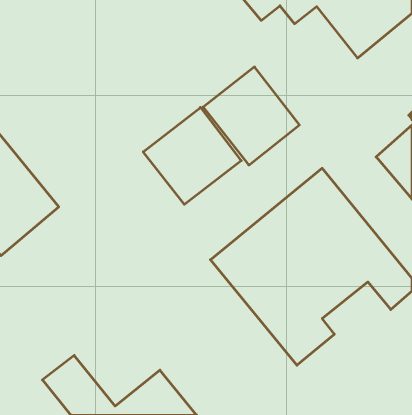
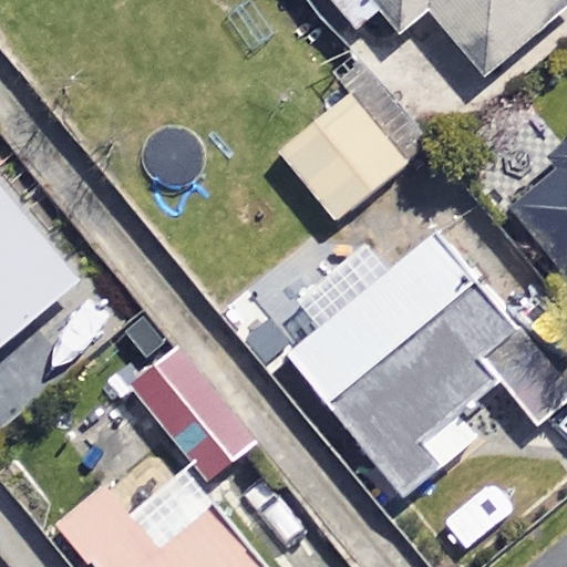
building: [143,107,241,204] -> none
building: none -> [130,350,250,481]

